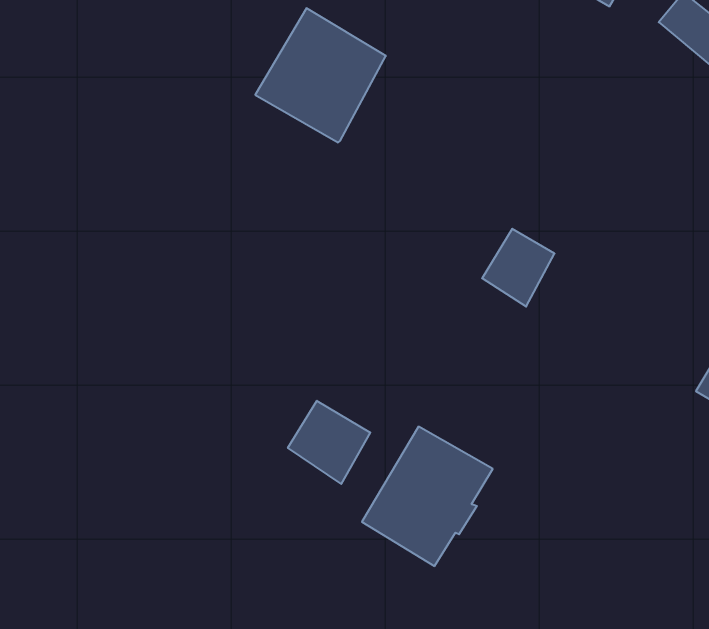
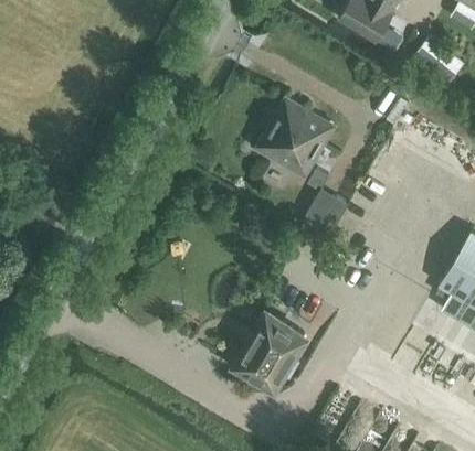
building: [255,8,386,142] -> [252,95,334,179]
building: [288,401,370,484] -> none

